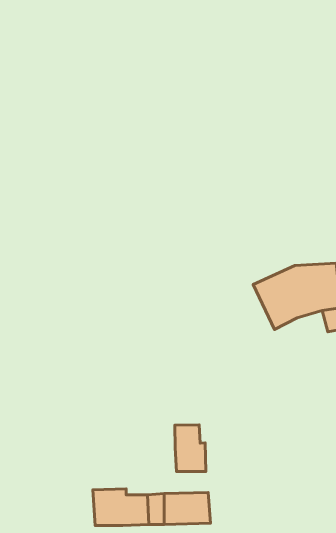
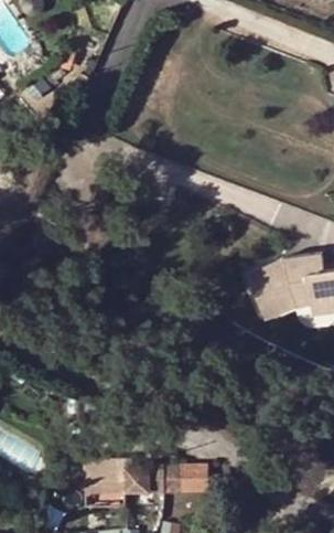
building: [175,425,206,472] -> none

